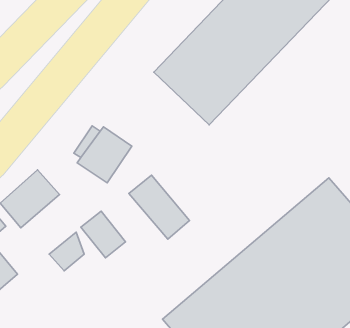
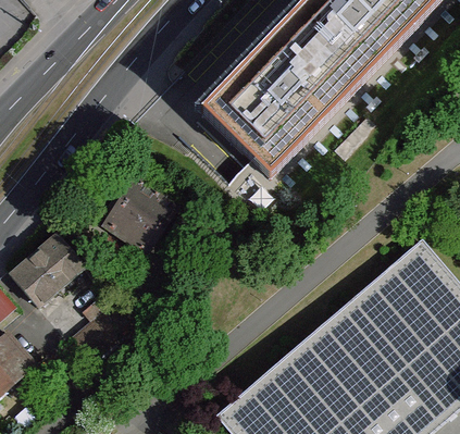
building: [129,175,190,239] -> none
building: [81,211,125,258] -> none

